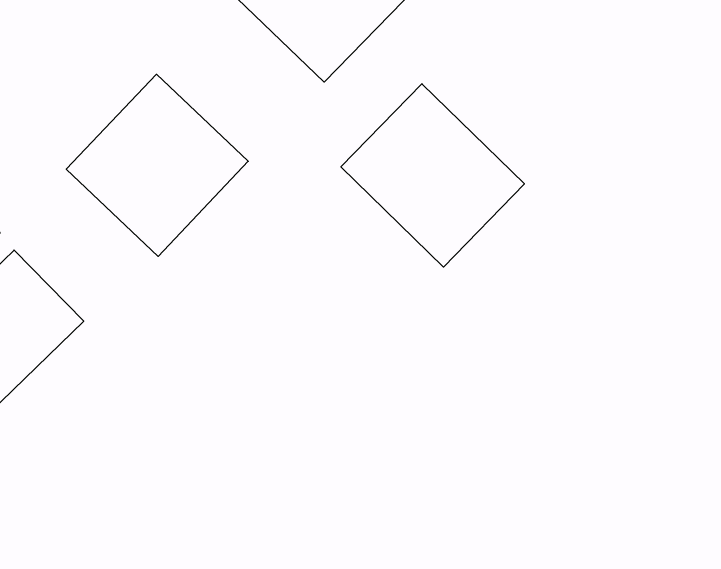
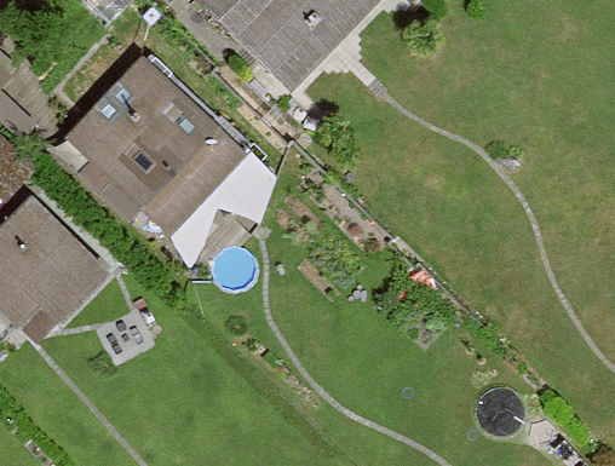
building: [341,84,524,267] -> none

